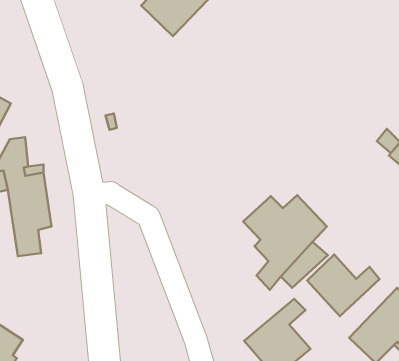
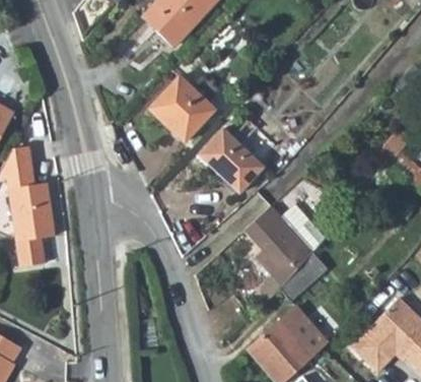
building: none -> [149,74,215,140]
building: none -> [199,128,264,193]
building: [307,255,380,316] -> none

